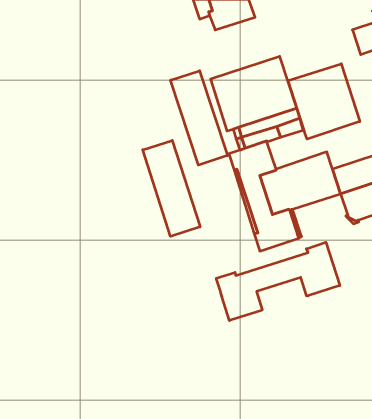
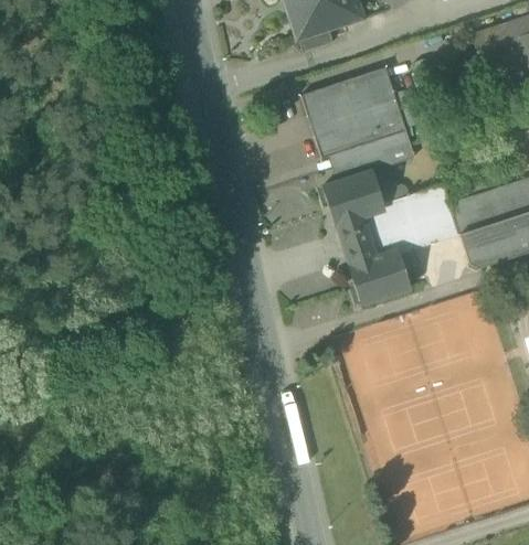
building: [288,64,360,139] -> none
building: [171,71,227,165] -> none
building: [143,140,200,236] -> none
building: [216,242,340,321] -> none

